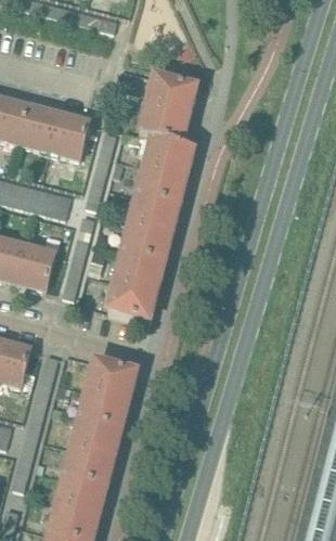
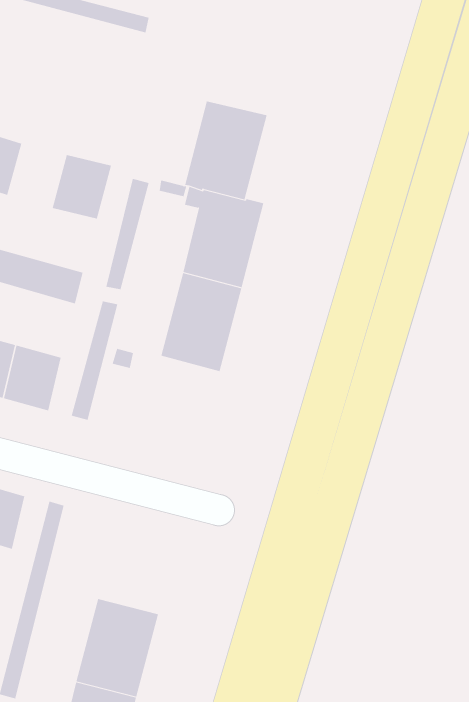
building: [16,105,56,150] -> none
building: [106,252,163,321] -> none
building: [78,360,134,429] -> none

